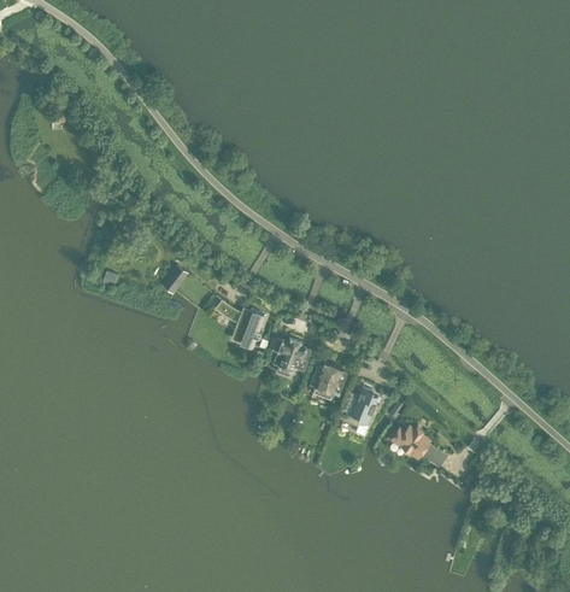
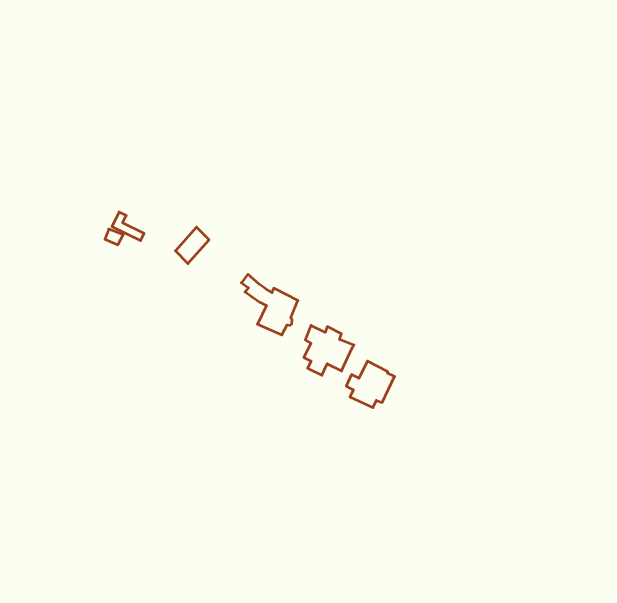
building: [339,382,380,424] -> none
building: [393,424,428,453] -> none

